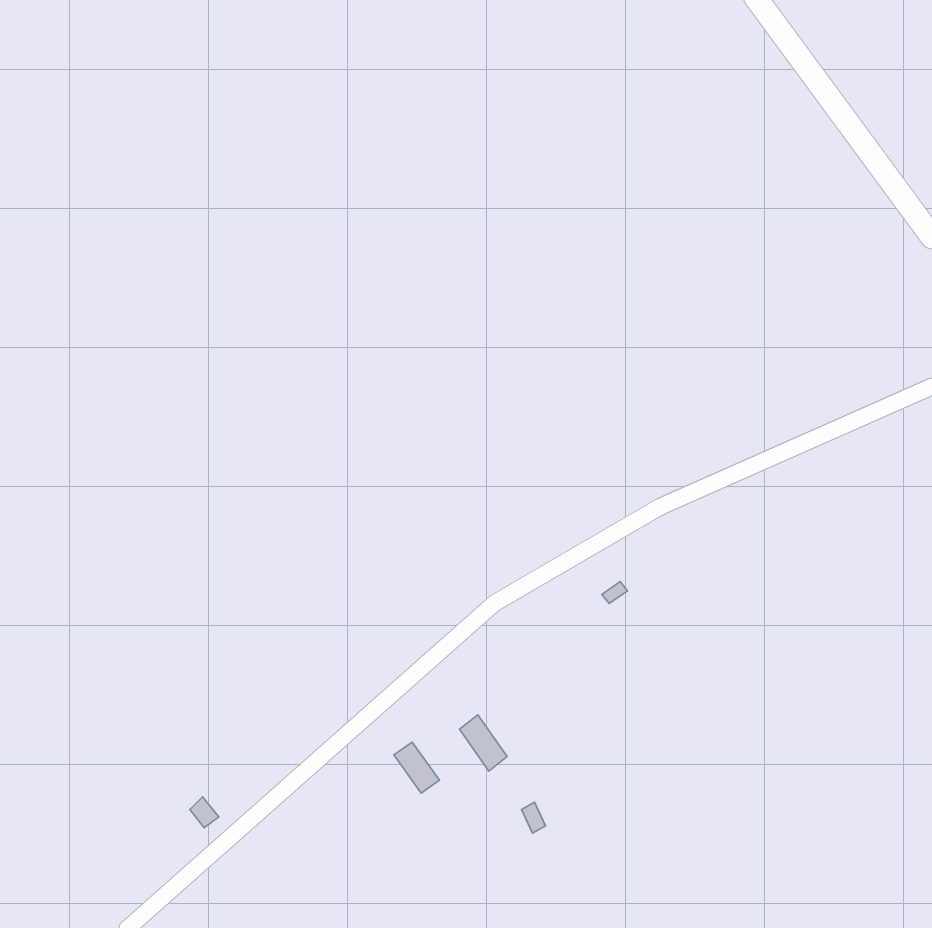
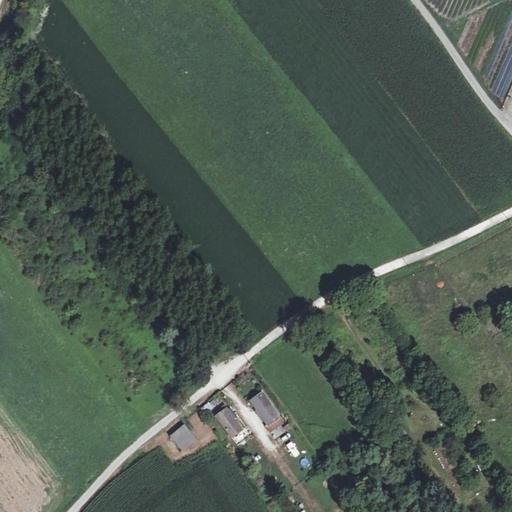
building: none -> [169,423,198,452]

